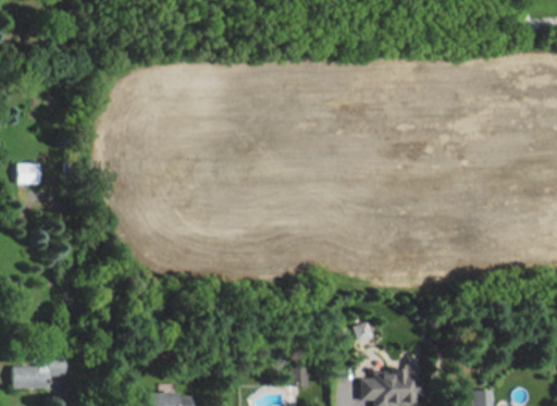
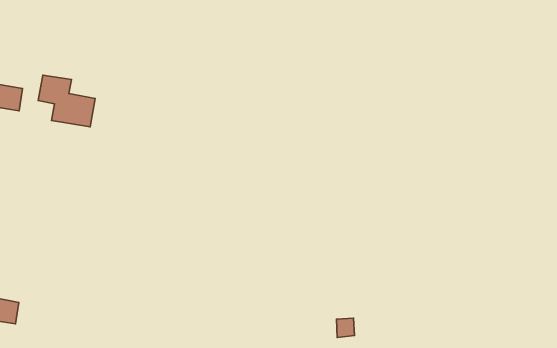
building: none -> [38,75,95,127]

